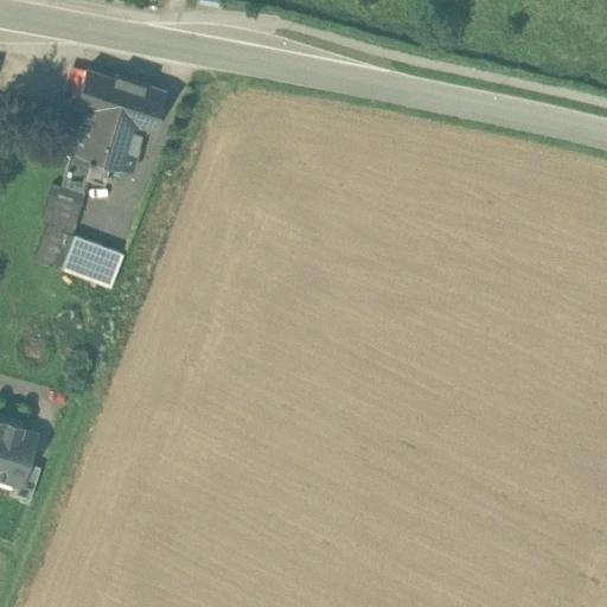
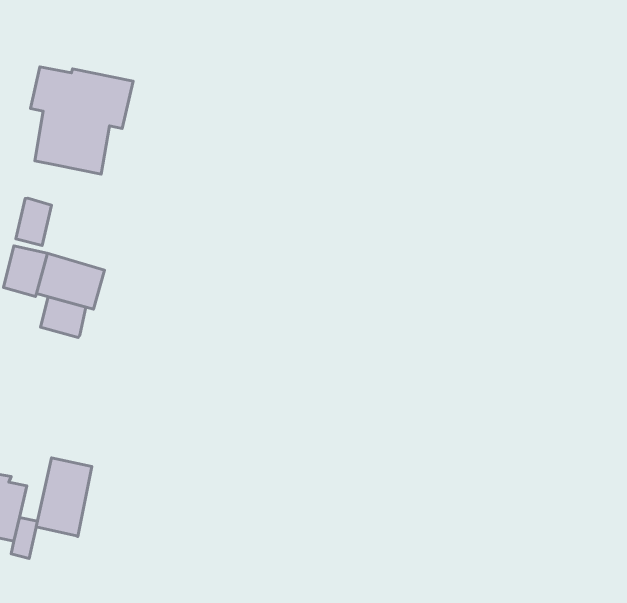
building: [63,153,91,193] -> none
building: none -> [40,297,86,338]
building: none -> [36,458,92,537]

